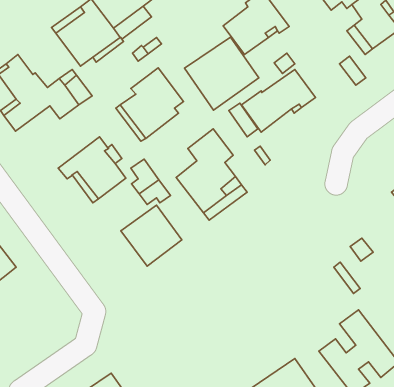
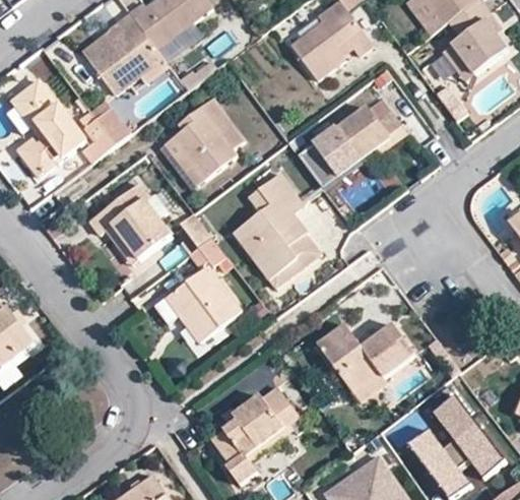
building: [184,37,259,110] -> none
building: none -> [317,324,413,402]
building: none -> [211,387,306,485]

